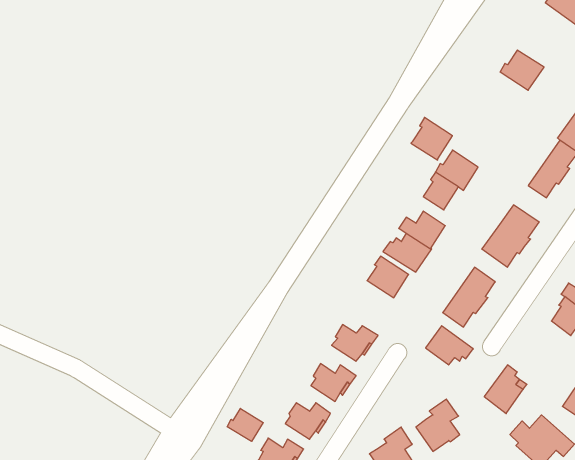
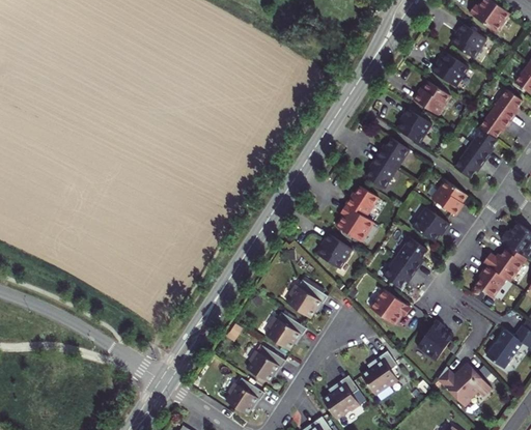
building: none -> [451,23,486,58]
building: none -> [412,81,449,115]
building: [411,117,452,160] -> [395,108,430,144]
building: [227,408,263,441] -> none

